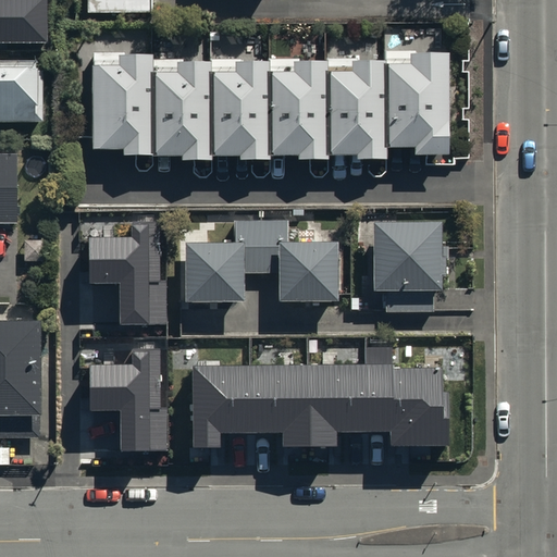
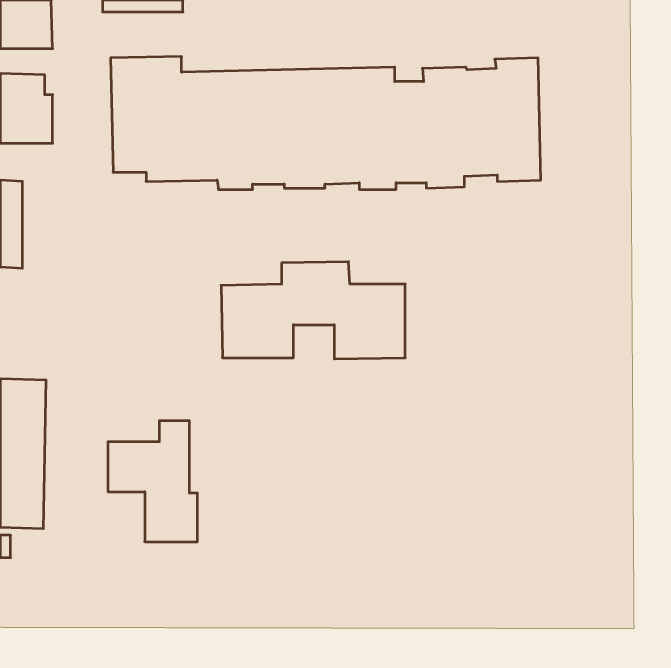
building: [372,219,448,312] -> none
building: [88,224,162,324] -> none
building: [187,347,453,456] -> none

